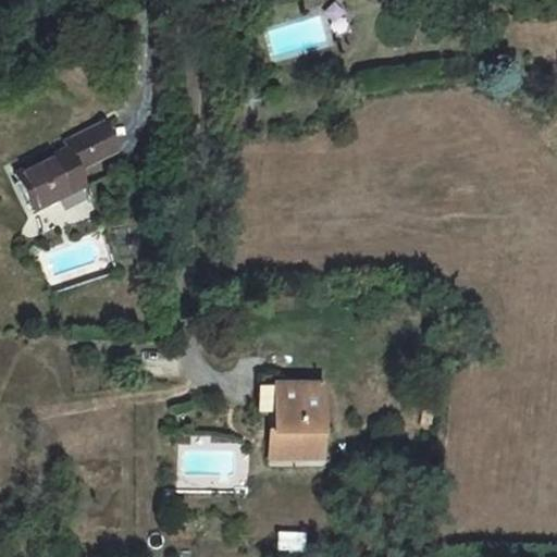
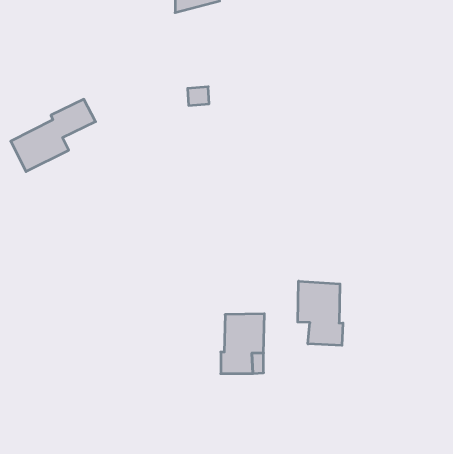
building: none -> [298,281,343,345]

